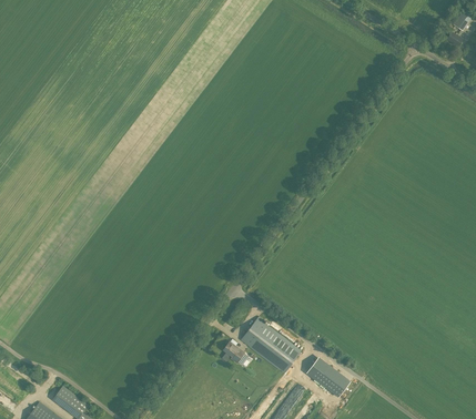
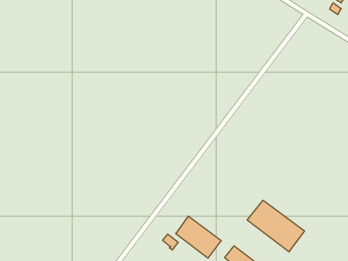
building: none -> [247,200,305,252]

